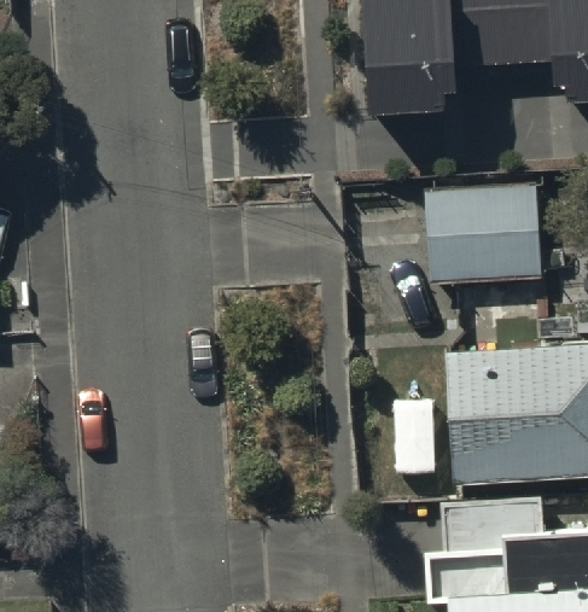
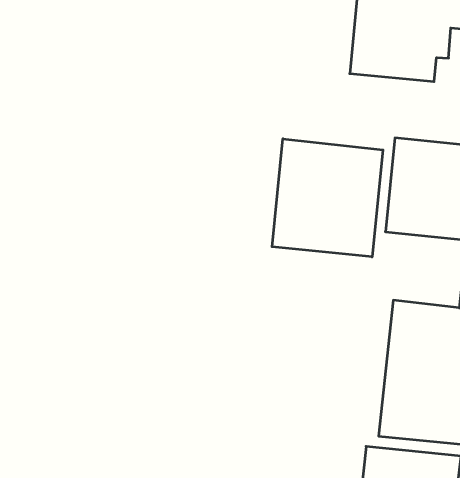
building: none -> [272,139,383,257]

